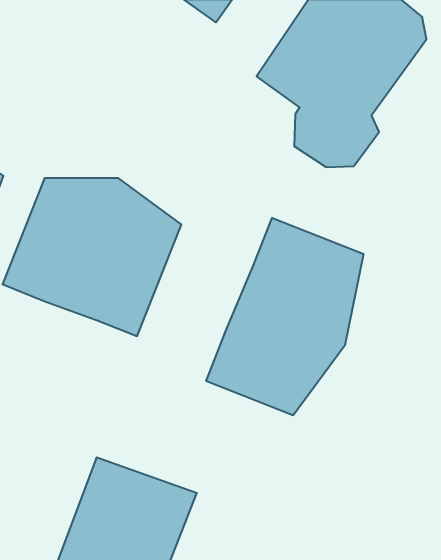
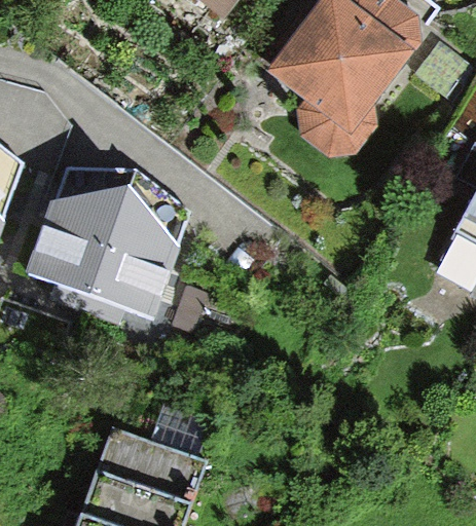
building: [206,218,363,415] -> none

